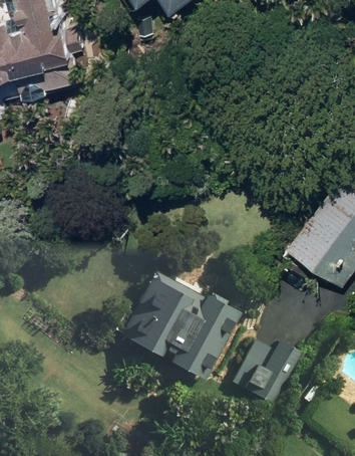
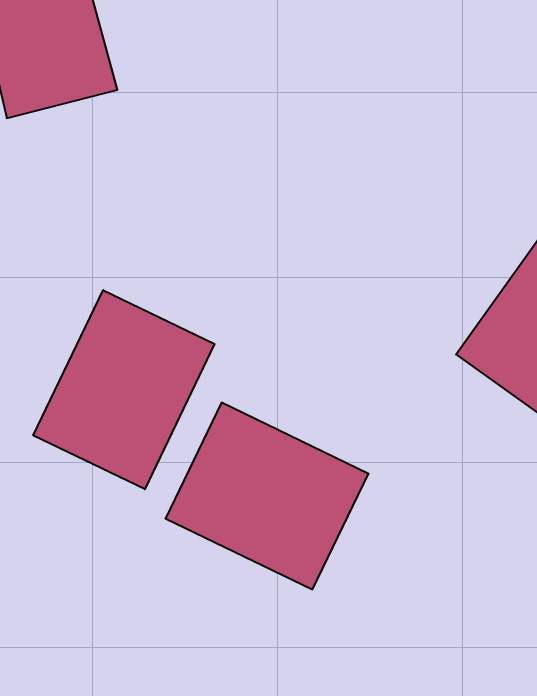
building: none -> [33,290,215,489]
building: [232,339,301,405] -> none

